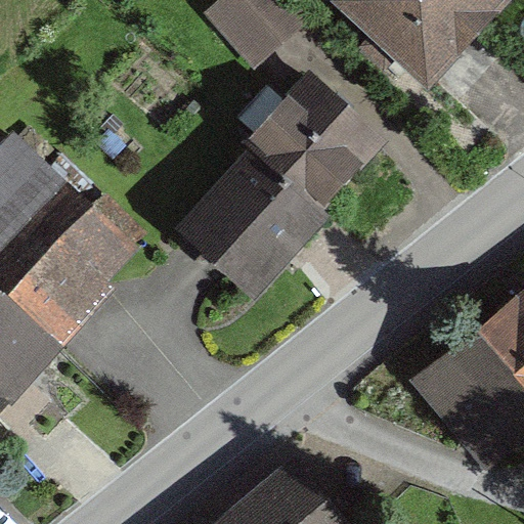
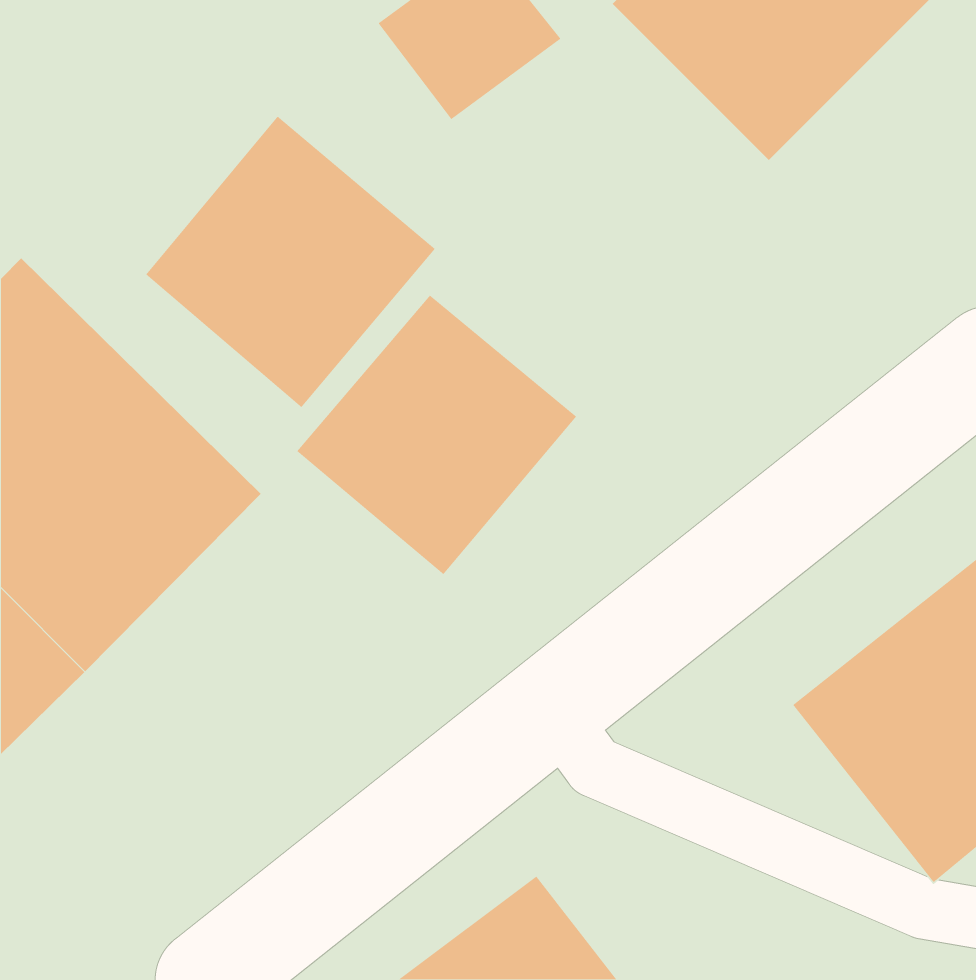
building: none -> [145,116,436,408]
building: [234,72,383,220] -> none

